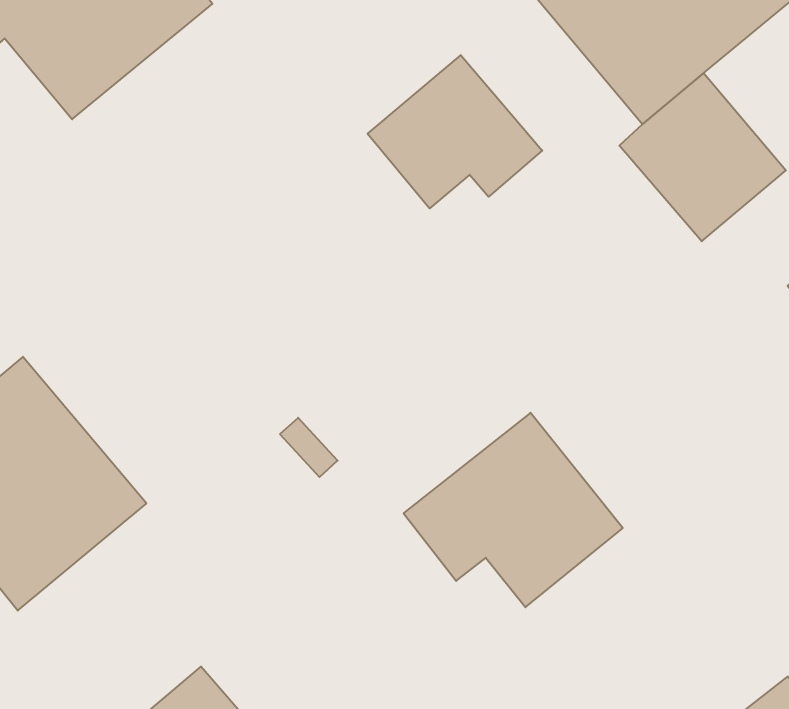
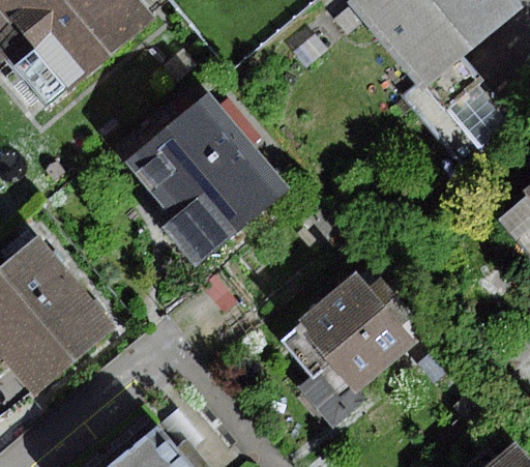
building: [368,55,542,208] -> none
building: none -> [126,94,286,263]

